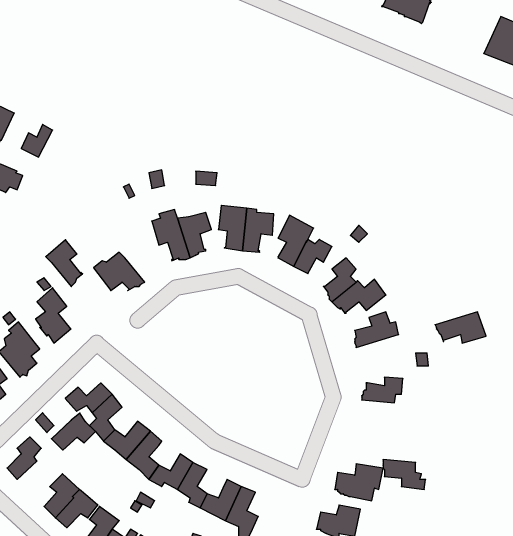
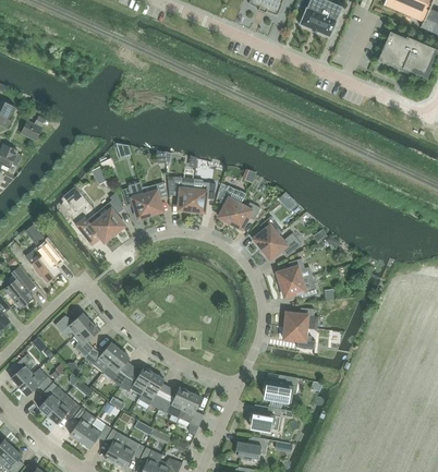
building: [46,240,83,287] -> [97,199,125,235]
building: [435,312,486,343] -> [279,276,318,300]
building: [51,413,95,450] -> [19,367,52,396]
building: [383,460,426,489] -> [283,326,316,349]

